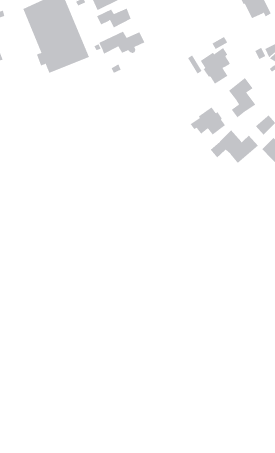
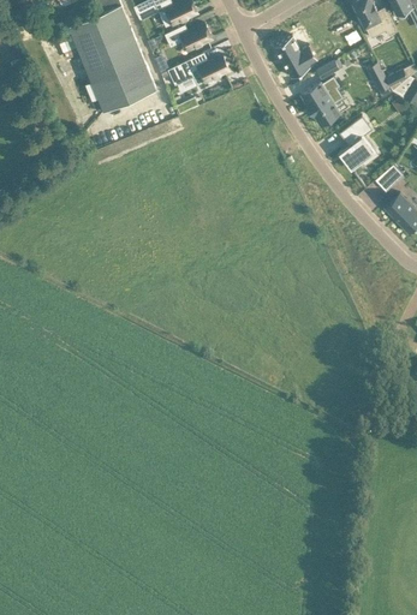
building: none -> [275,35,318,77]
building: [190,107,226,136] -> none
building: [210,130,259,164] -> none

